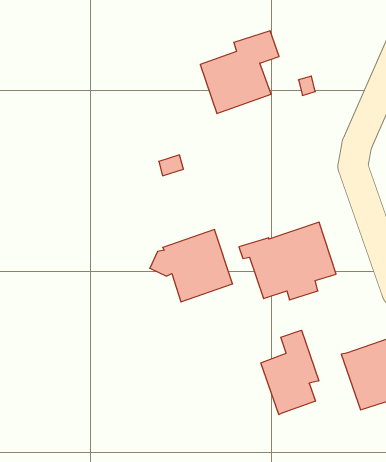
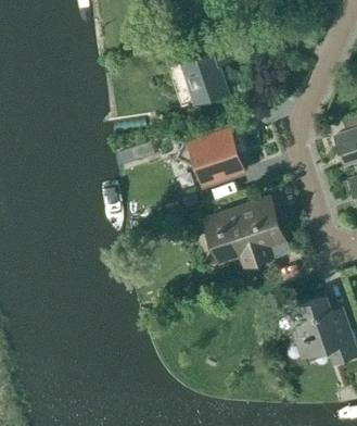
building: [150,230,233,302] -> [176,125,245,186]
building: [261,330,319,415] -> none

